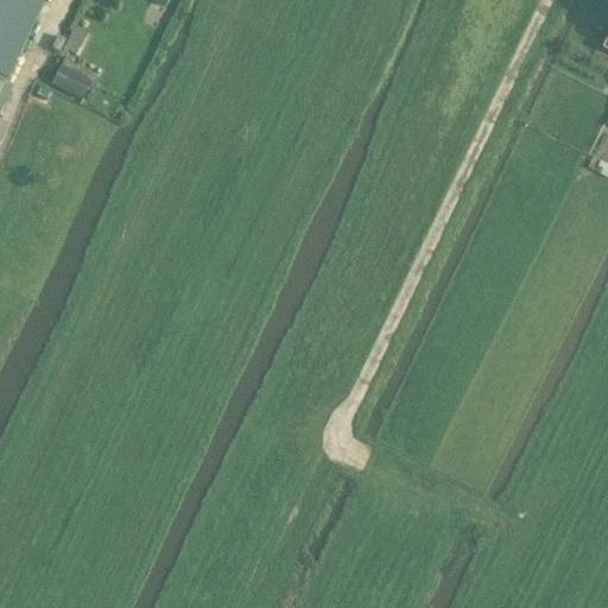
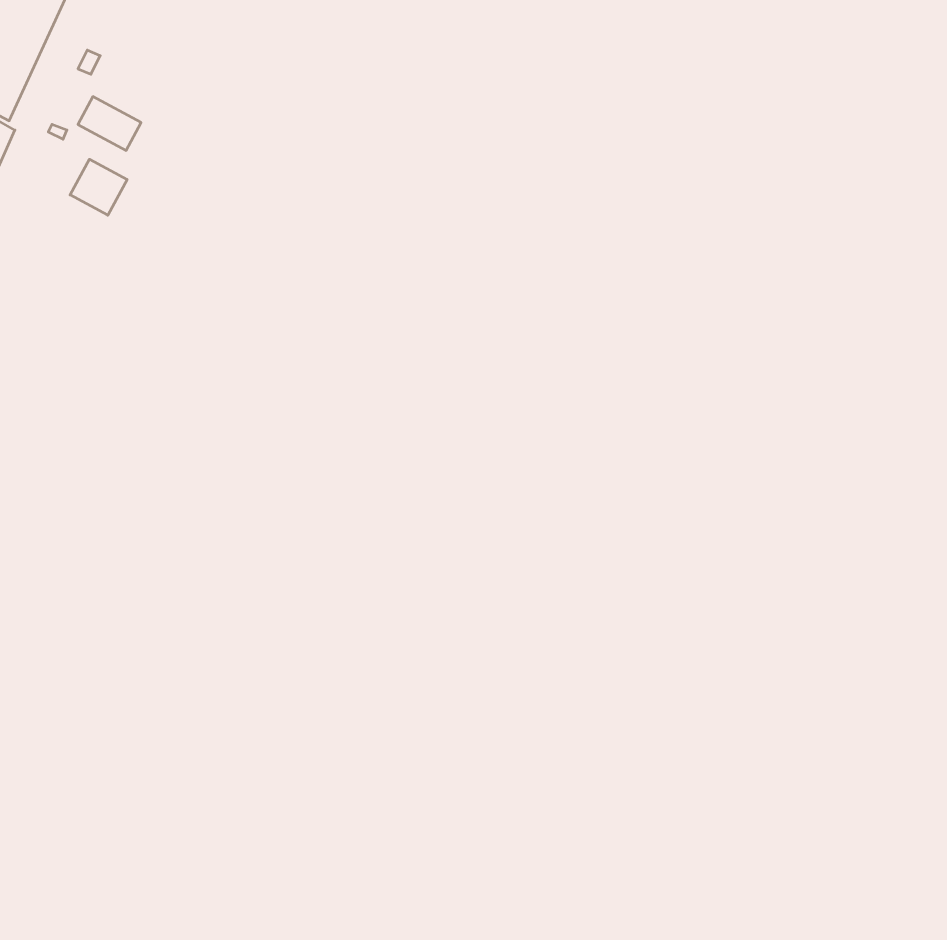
building: none -> [70,159,127,215]

